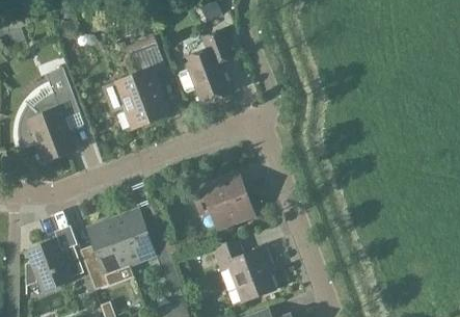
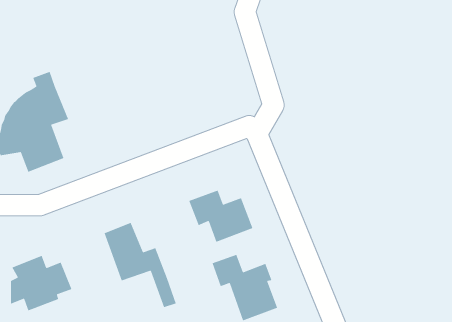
building: [179,29,233,102] -> none
building: [103,39,167,128] -> none
building: [83,218,129,290] -> none

